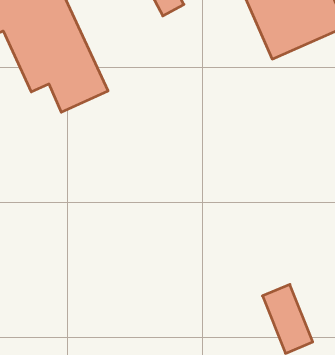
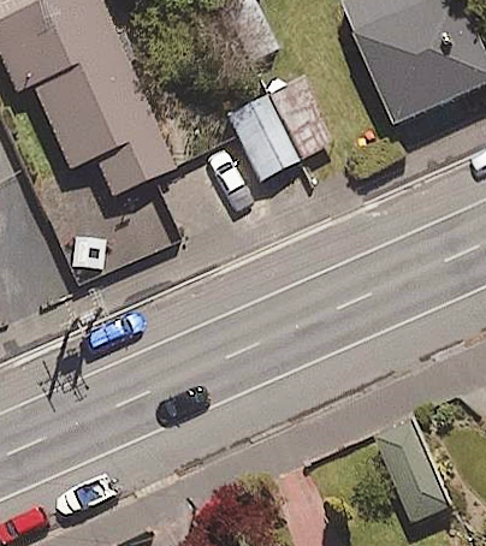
building: none -> [225,75,334,179]

